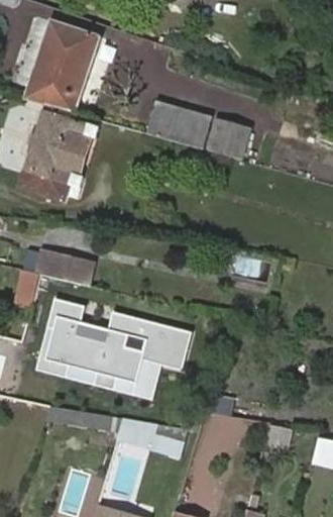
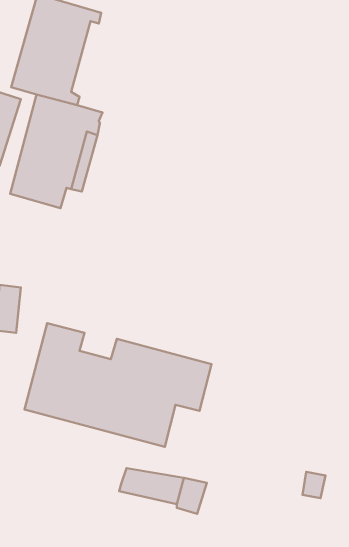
building: [145,100,251,159] -> none
building: [36,249,92,286] -> none

